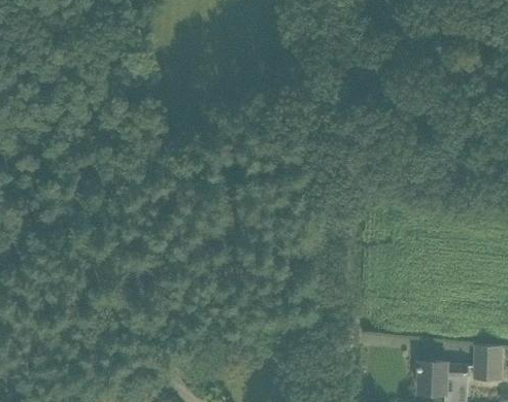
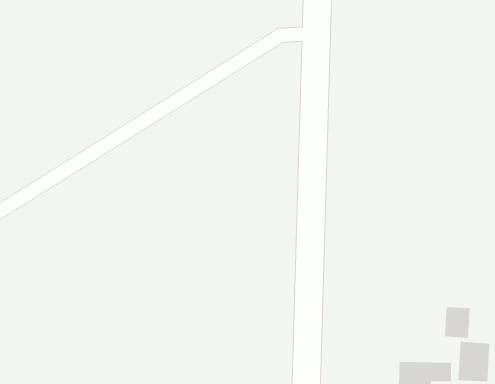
building: none -> [444,306,470,339]

